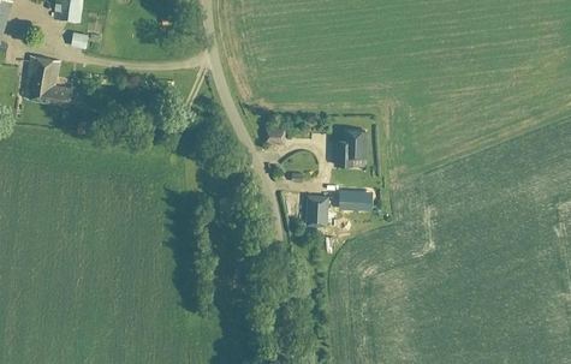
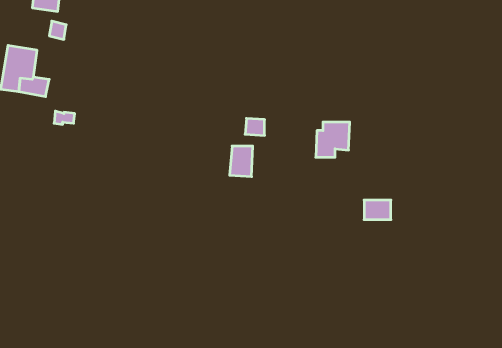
building: [338,191,364,210] -> [364,200,391,220]
building: [307,196,329,226] -> [230,146,253,177]

